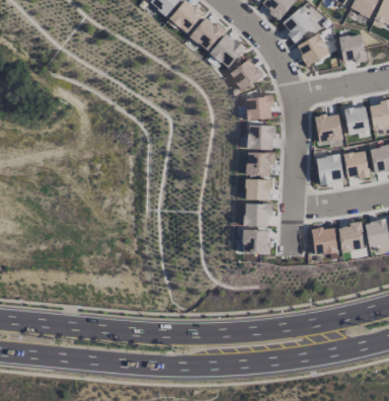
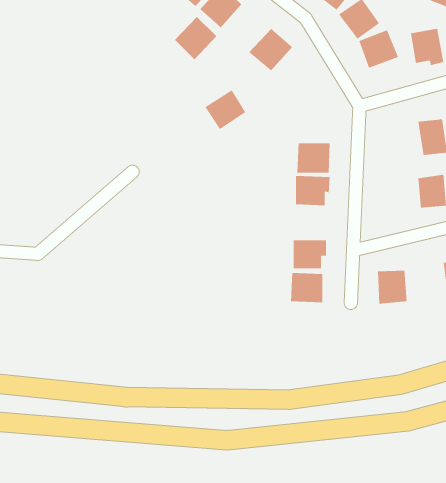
building: [190,16,225,52] -> [174,16,217,60]
building: [230,59,263,91] -> [204,89,246,130]
building: [247,96,274,121] -> none
building: [317,114,343,144] -> none
building: [316,154,344,184] -> none
building: [246,179,271,200] -> none
building: [339,224,364,252] -> none

